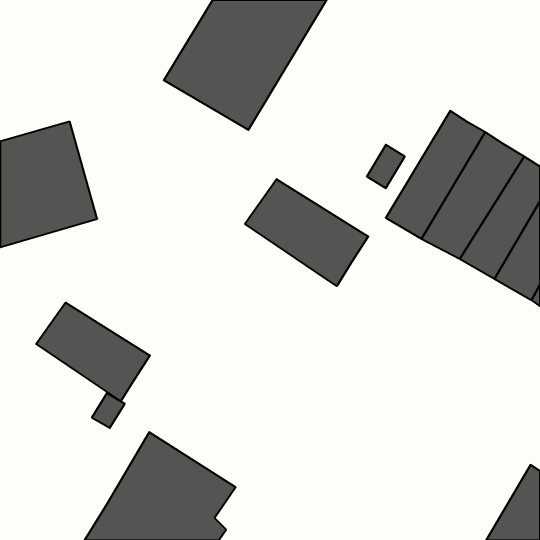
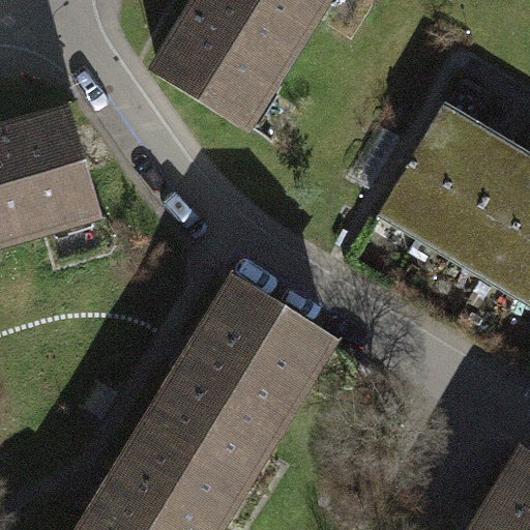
building: [245,179,368,286] -> none
building: none -> [146,285,316,477]
building: [36,303,150,401] -> none

